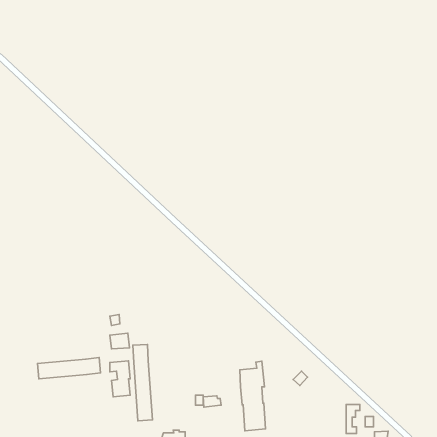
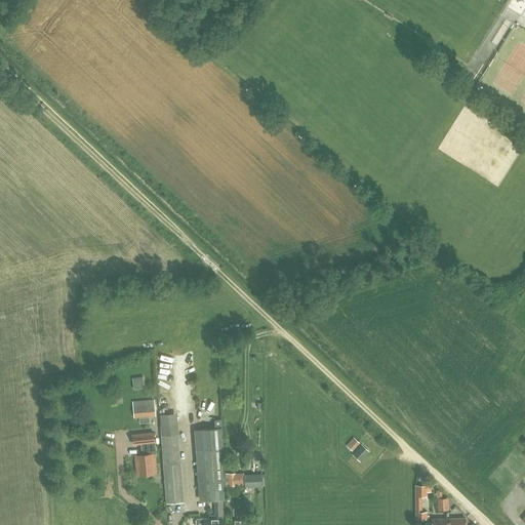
building: [37,357,101,379] -> none
building: [240,361,265,431] -> [194,419,225,502]

